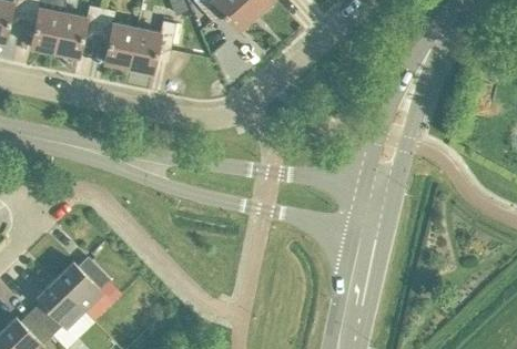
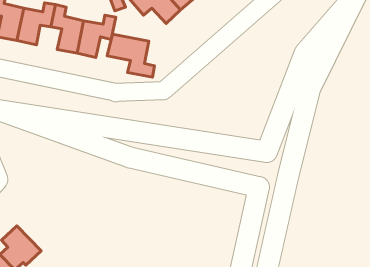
building: none -> [107,34,154,77]
building: [54,259,110,311] -> none

